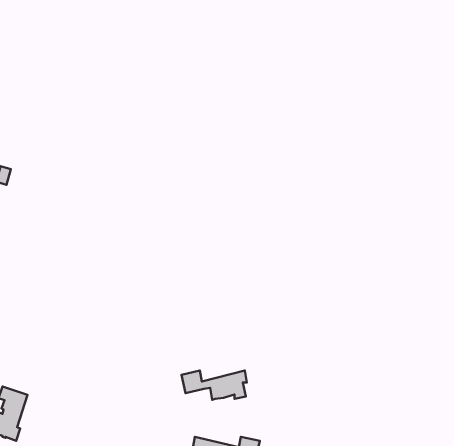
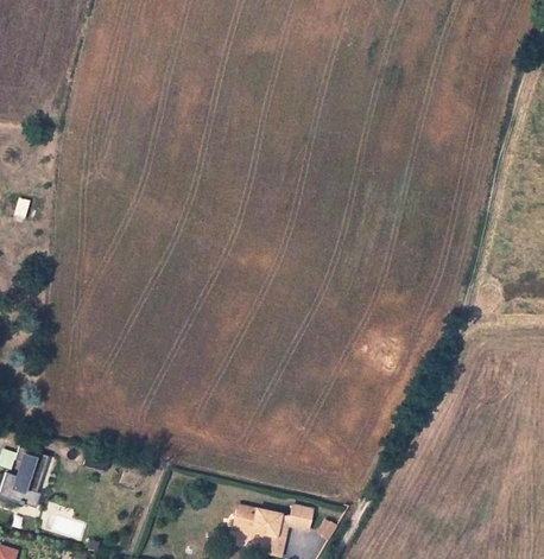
building: [181,370,247,400] -> none

